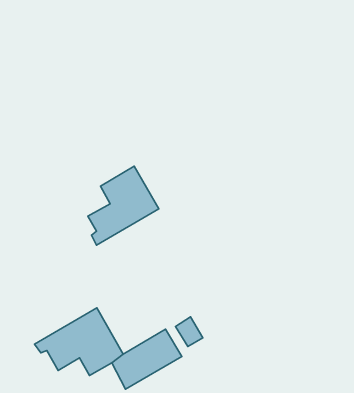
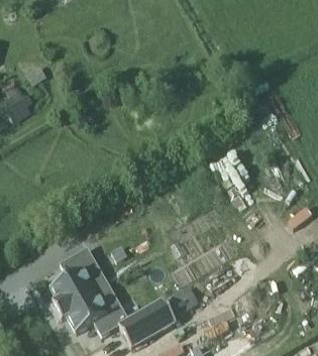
building: [88,166,159,245] -> [49,247,107,311]

